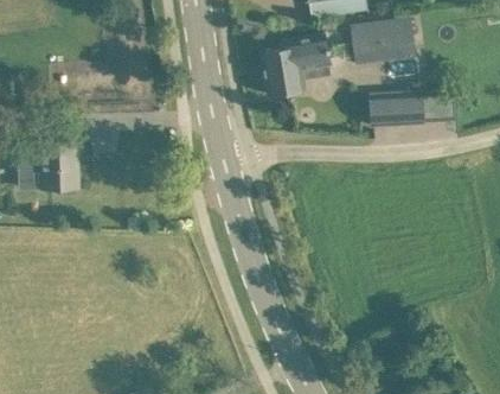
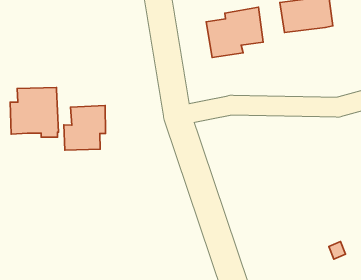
building: [368,90,422,125] -> none
building: none -> [64,106,105,150]

